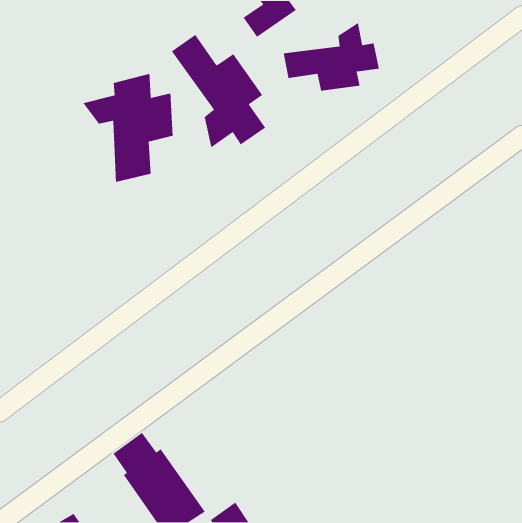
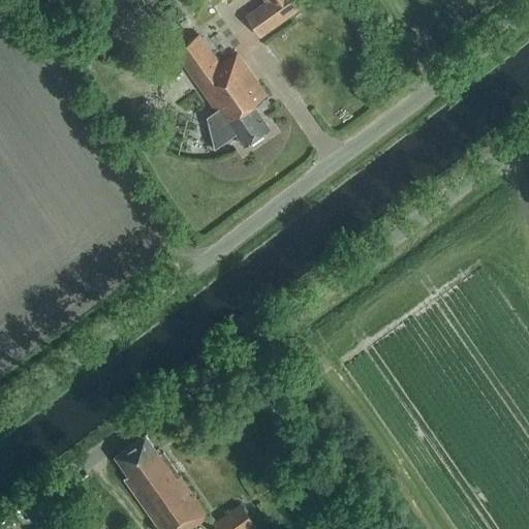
building: [283,22,380,92] -> none
building: [82,73,173,183] -> none

